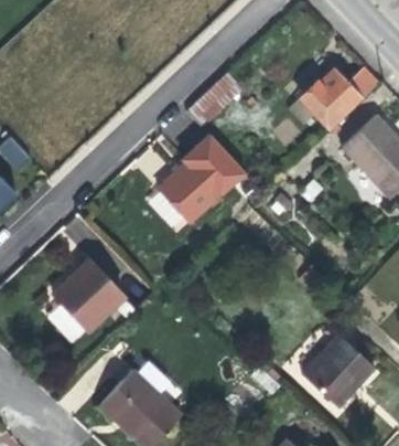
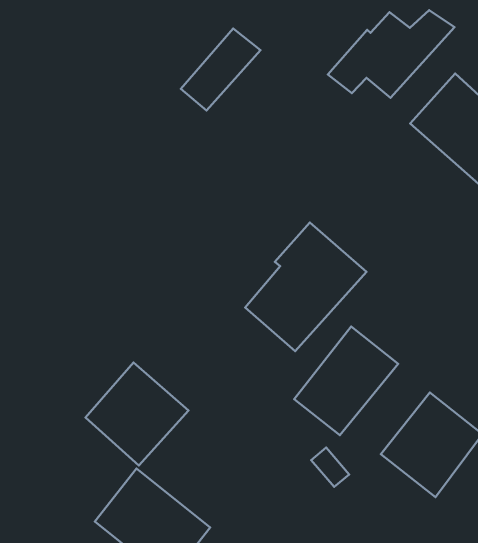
building: [160,132,246,221] -> [245,222,367,351]
building: [54,259,126,331] -> [85,363,188,466]
building: none -> [294,327,398,435]

